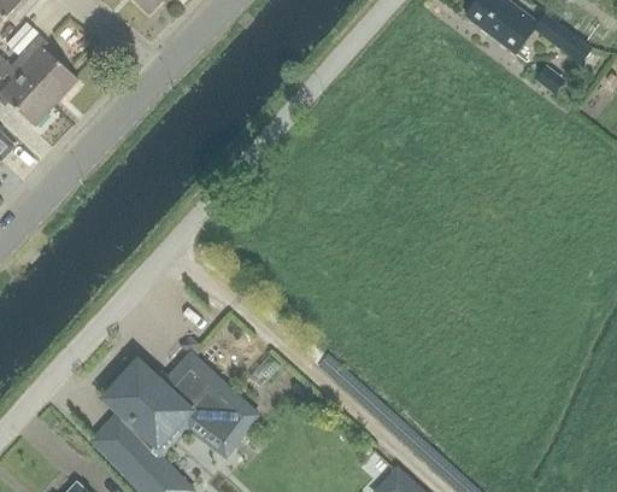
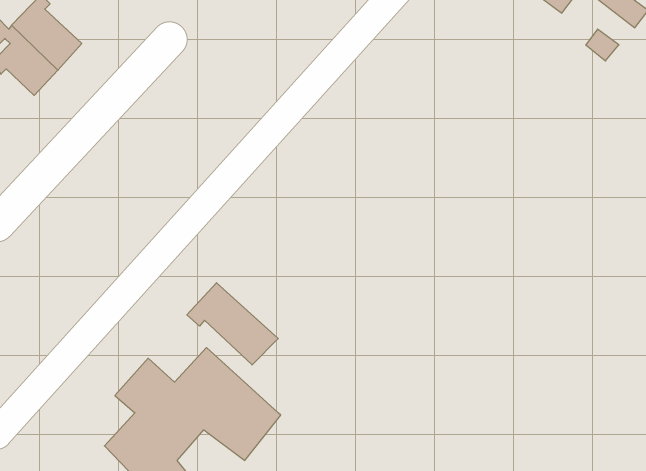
building: none -> [187,283,278,365]

